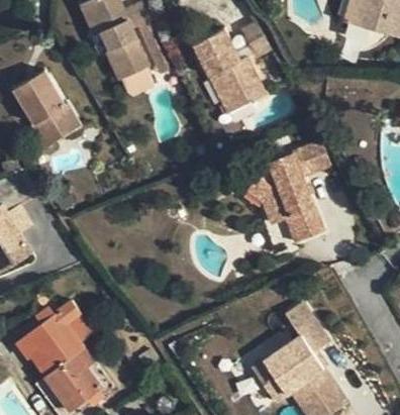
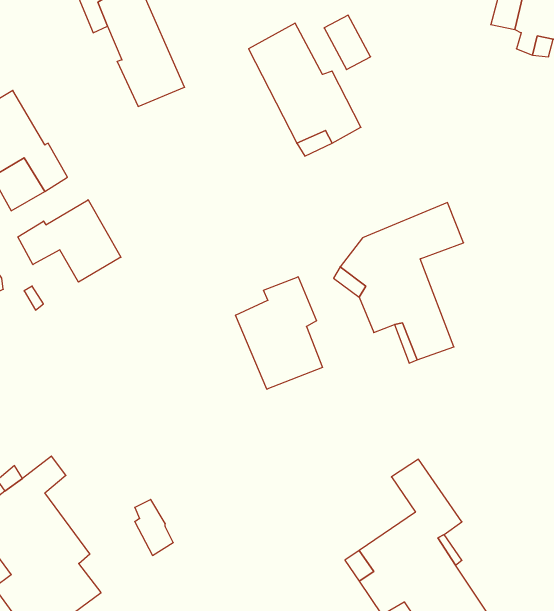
building: none -> [18,200,121,282]
building: none -> [236,277,323,389]

